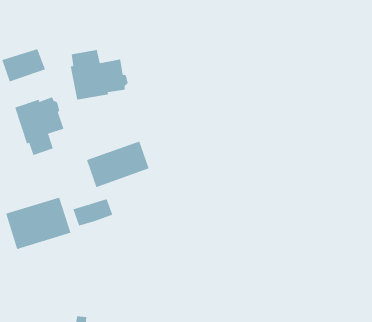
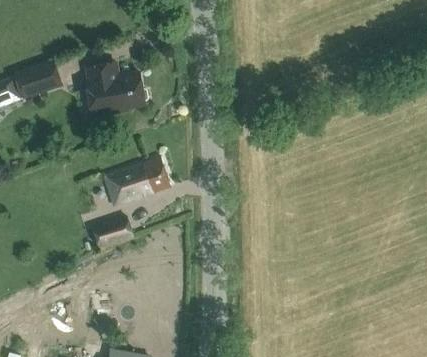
building: [14,96,64,156] -> none
building: [5,197,71,250] -> none

